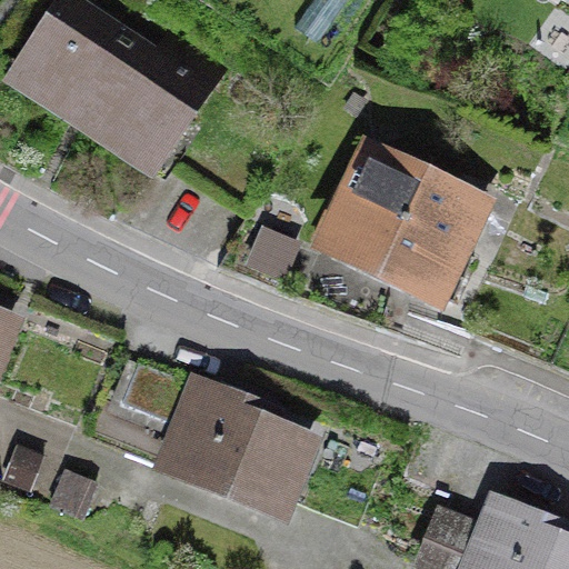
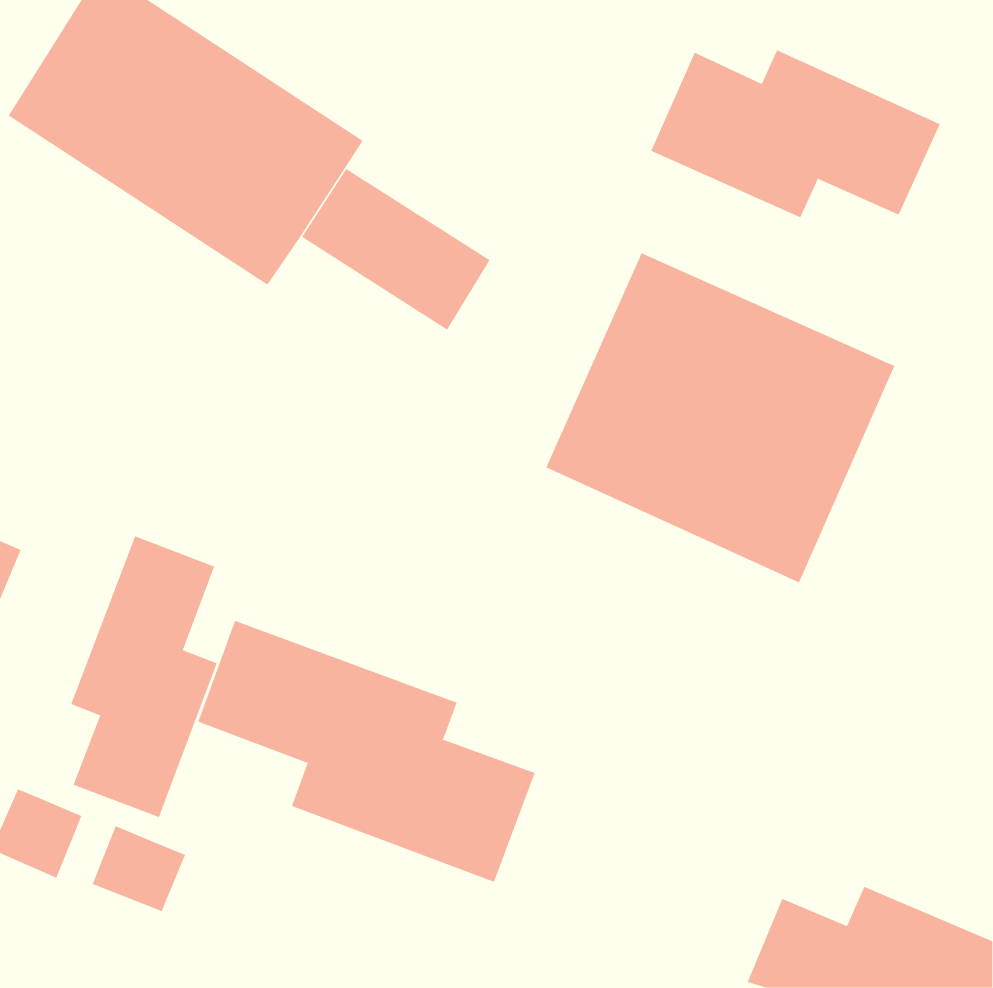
building: none -> [650,50,940,218]
building: none -> [70,536,217,818]

